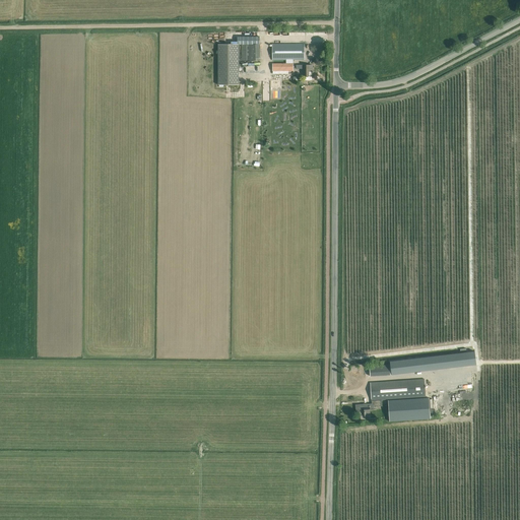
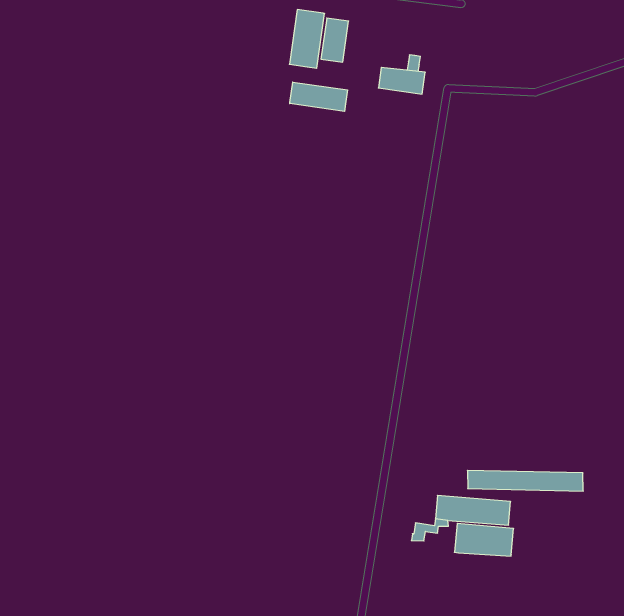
building: [271,43,304,59] -> [378,67,425,94]
building: none -> [290,82,347,111]

